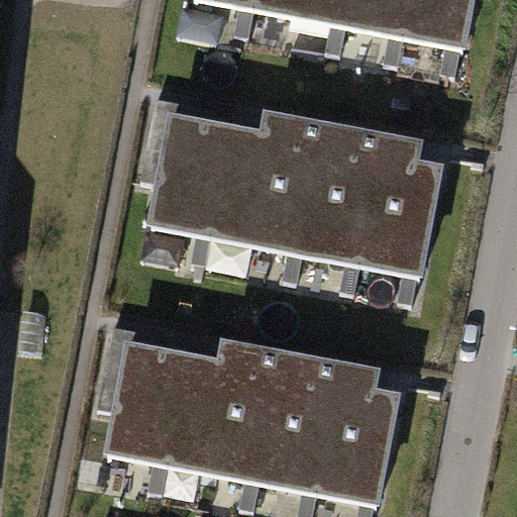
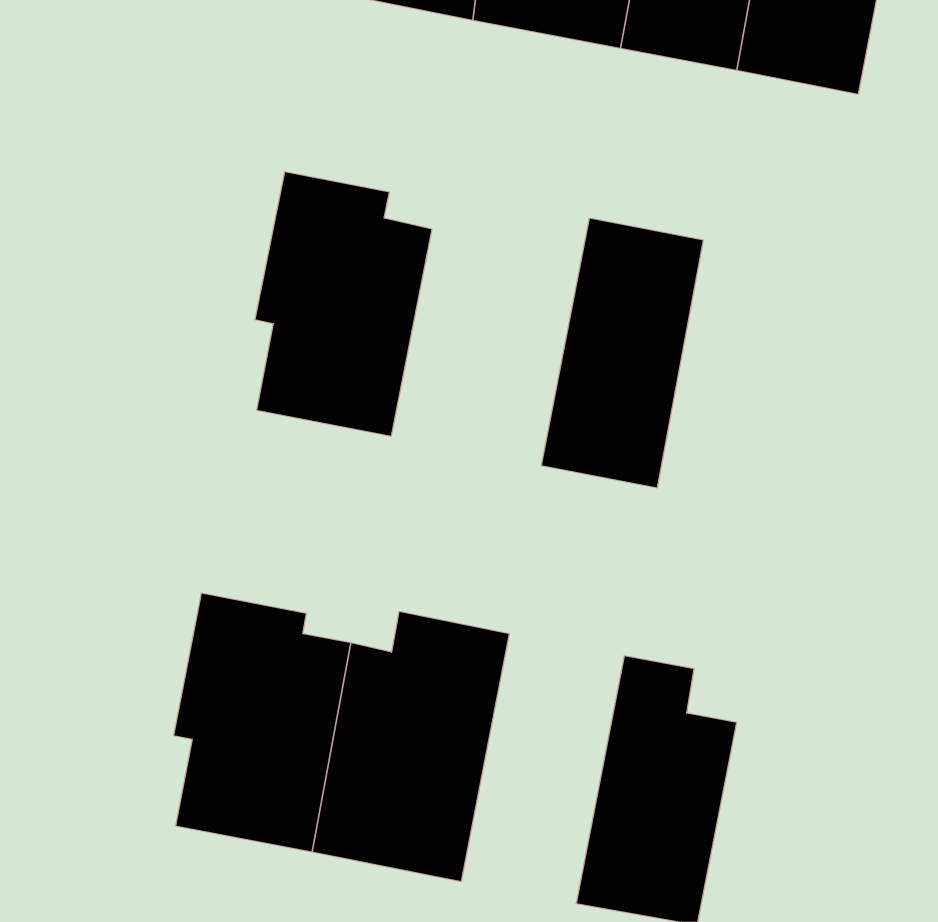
building: [214,107,322,254] -> none
building: [359,131,447,279] -> none
building: [252,346,341,494] -> none

